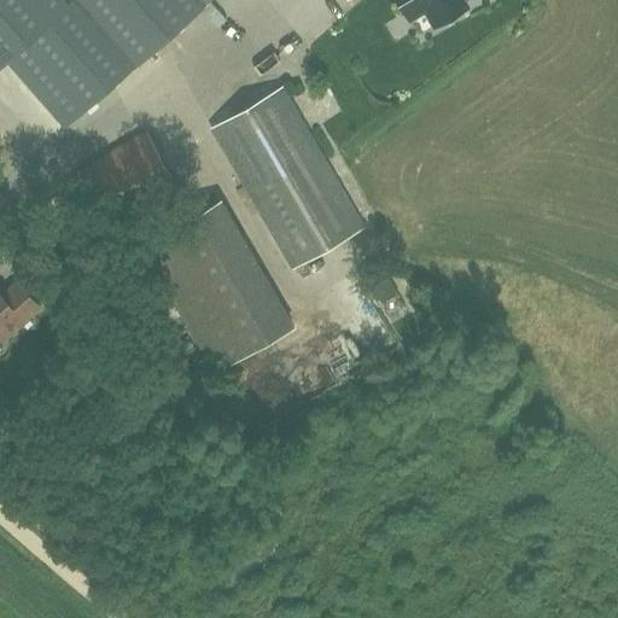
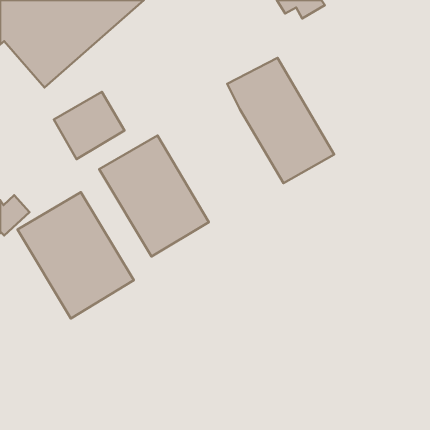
building: [211,89,365,269] -> [227,58,334,183]
building: none -> [18,192,134,319]

